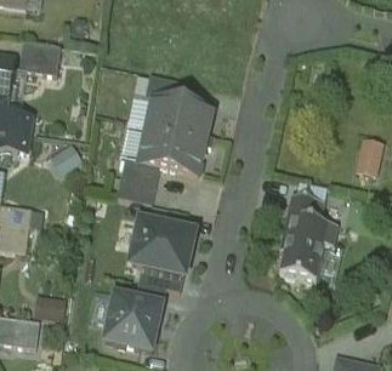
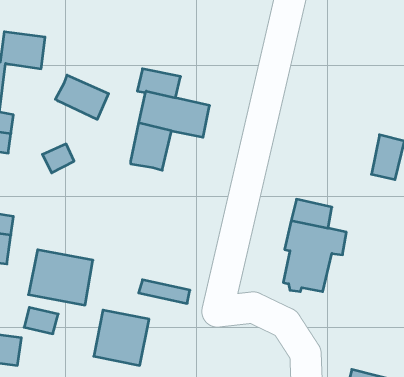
building: none -> [55,75,109,119]
building: [167,130,205,172] -> none
building: [115,155,159,202] -> none
building: [127,219,187,270] -> [28,250,93,305]

